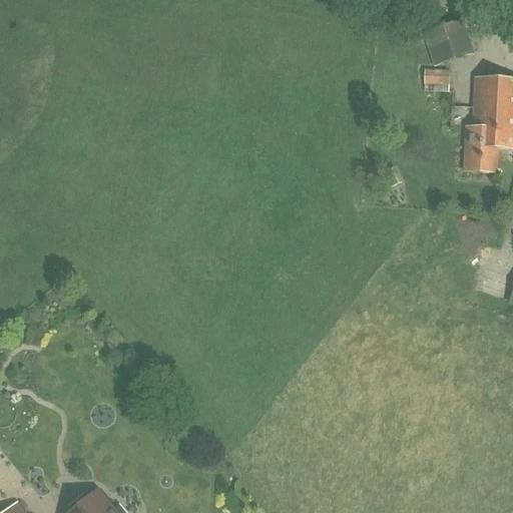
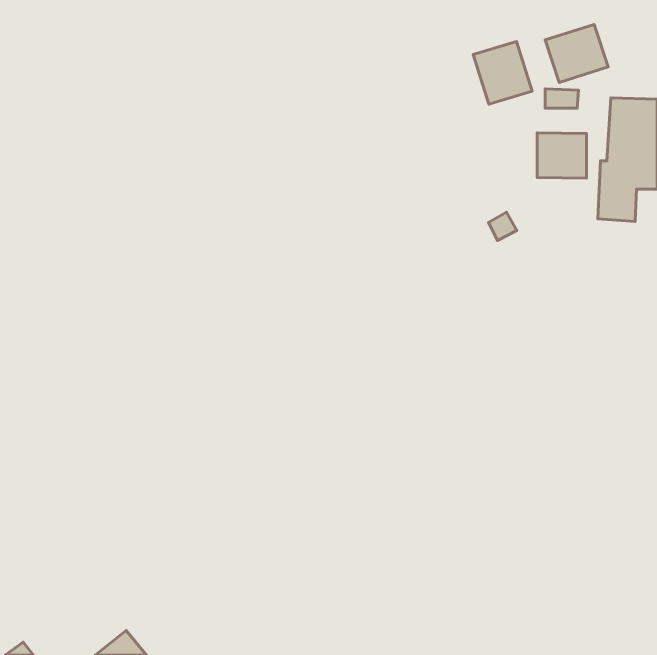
building: none -> [473,41,532,104]
building: none -> [537,133,587,178]

